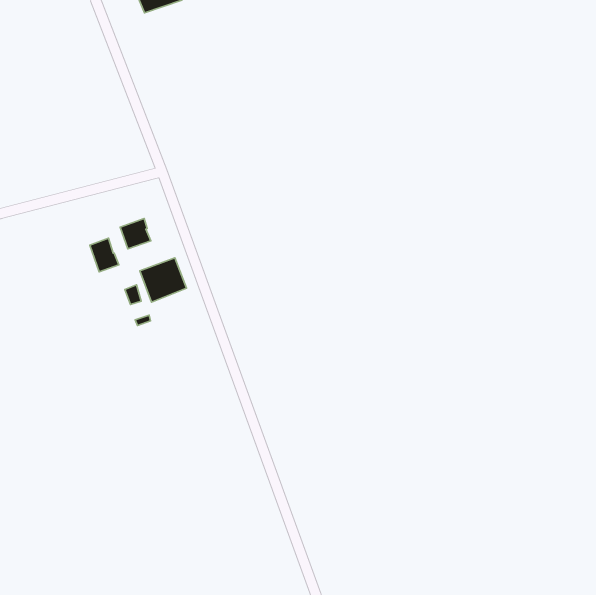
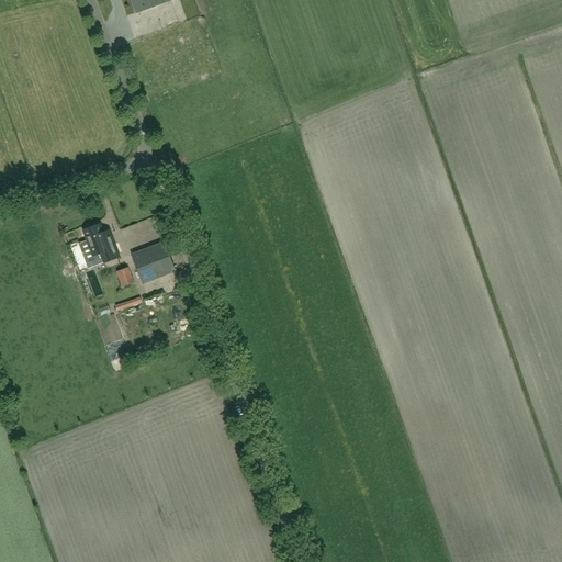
building: [120,219,151,249] -> none

